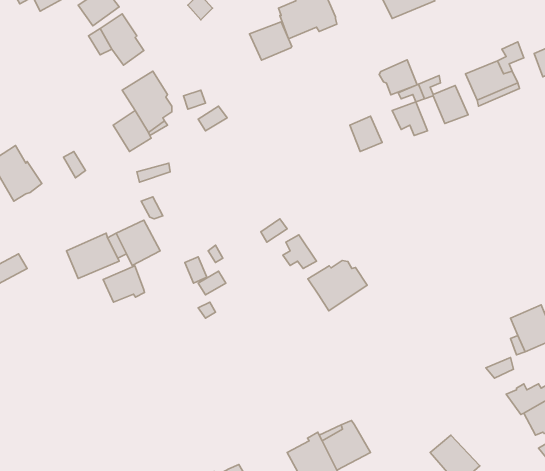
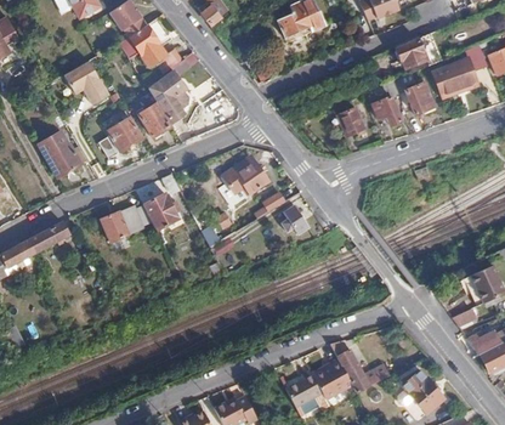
building: [250,22,292,60] -> none
building: none -> [63,58,108,103]
building: [379,60,417,95] -> [393,39,425,68]
building: none -> [107,117,142,151]
building: none -> [222,155,268,192]
building: [308,261,367,311] -> none
building: [103,266,144,302] -> none
building: none -> [330,340,391,392]

